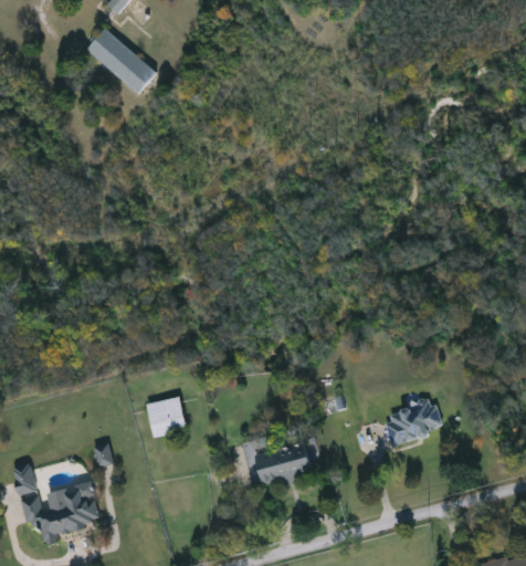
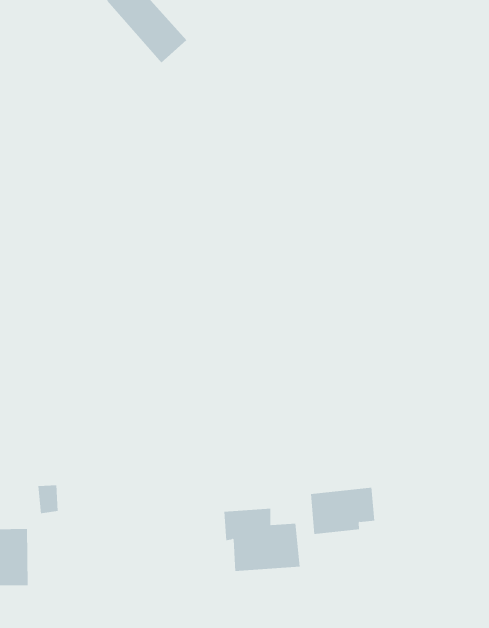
building: [146,397,186,438] -> none
building: [385,399,440,444] -> [310,487,375,534]

